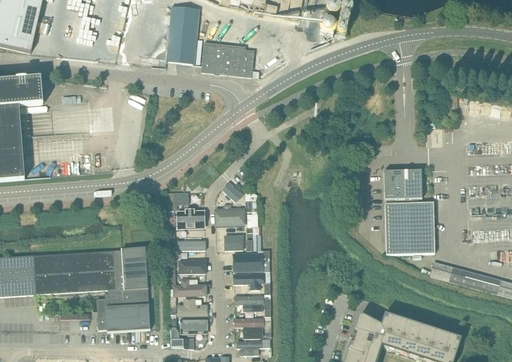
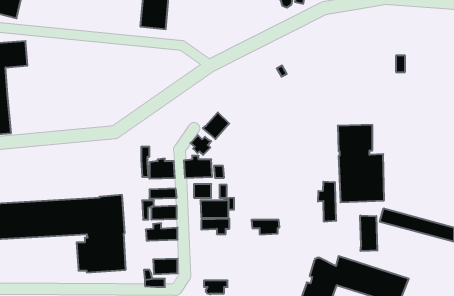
building: [201,41,254,76] -> none
building: none -> [203,112,229,139]
building: none -> [318,182,336,222]
building: none -> [360,215,377,251]
building: [233,295,264,311] -> [251,220,280,234]
building: [177,297,207,316] -> none
building: [234,317,264,337] -> none

